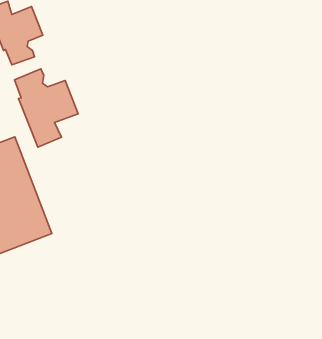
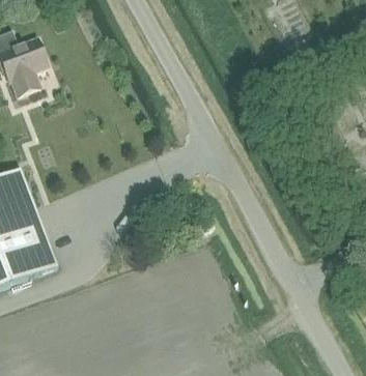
building: [14,69,78,147] -> none

